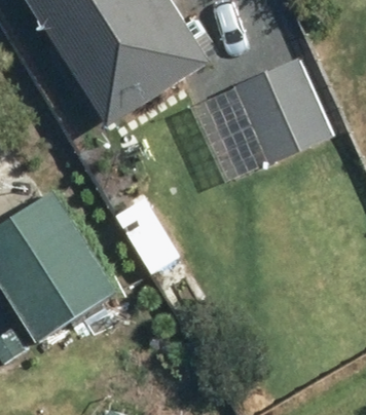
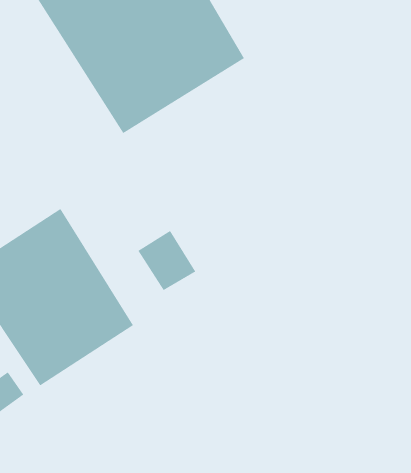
building: [234,58,331,161] -> none

